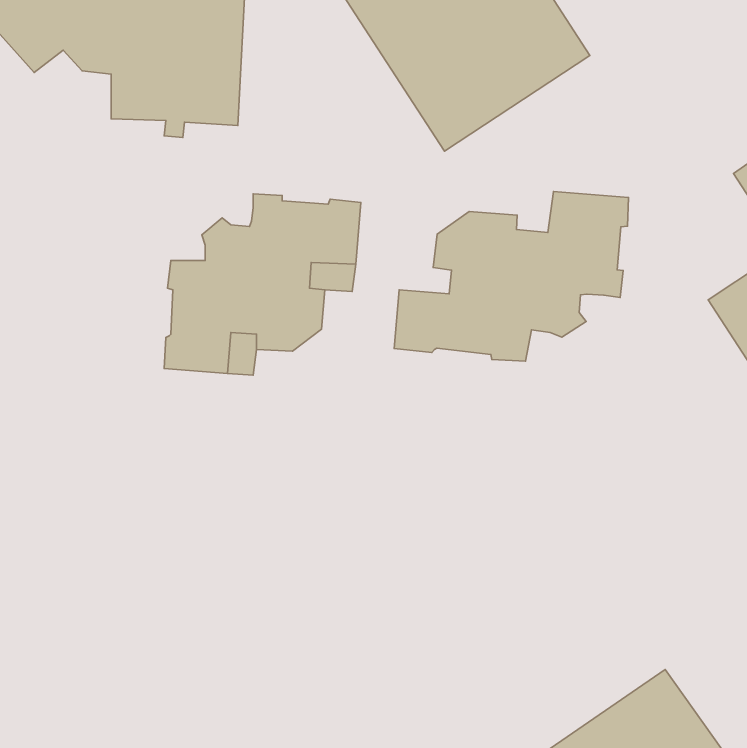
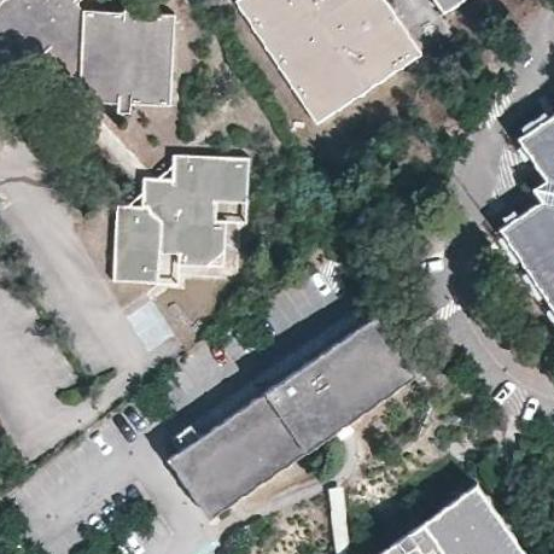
building: [394,191,629,361] -> none
building: none -> [169,316,415,515]

